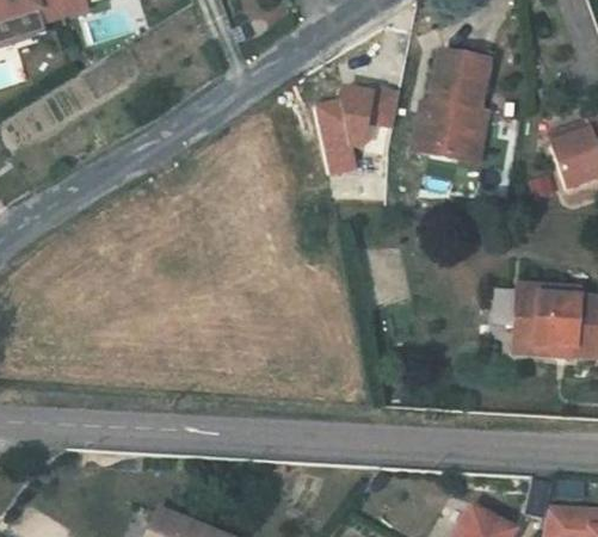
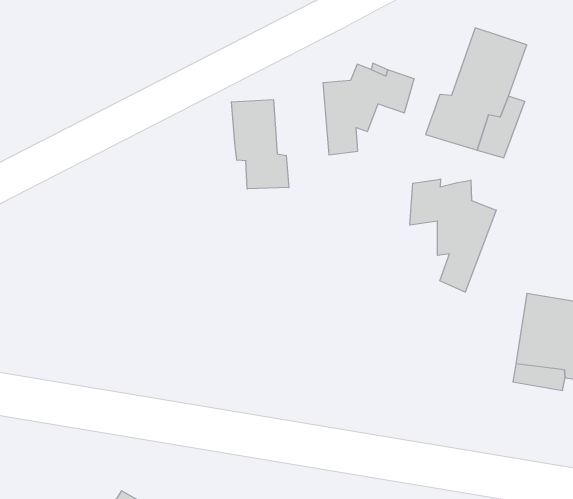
building: none -> [232,100,289,189]
building: none -> [410,179,496,292]

